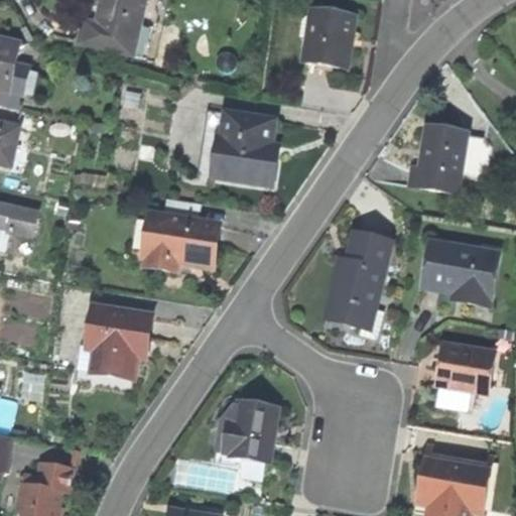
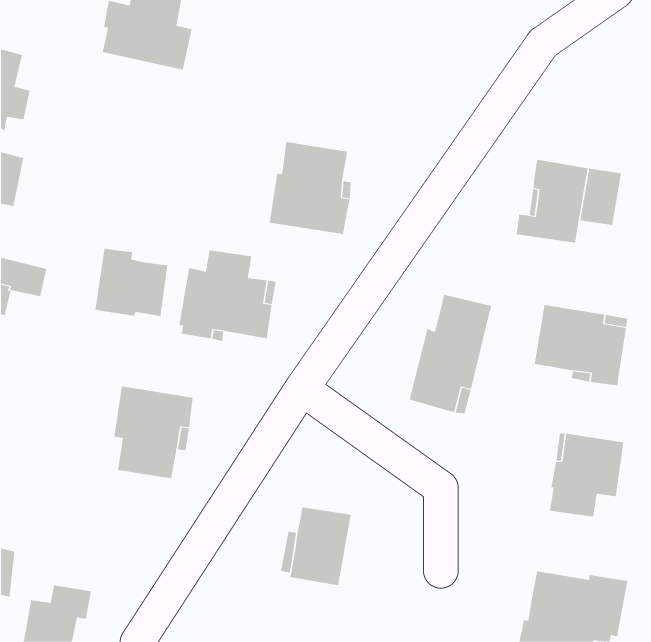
building: [299,8,355,67] -> none
building: none -> [95,248,168,317]

